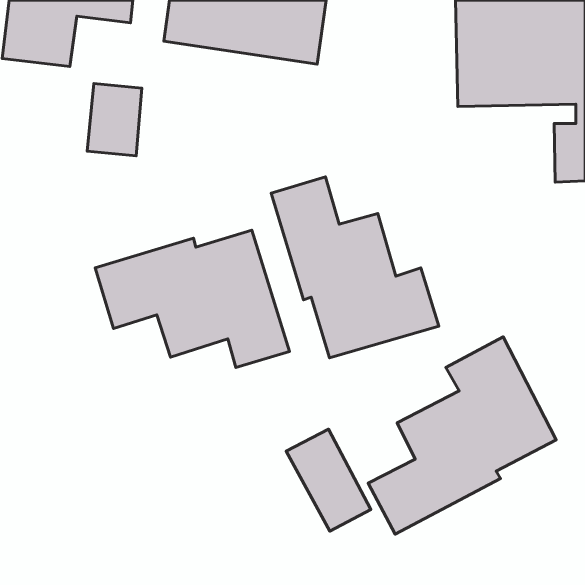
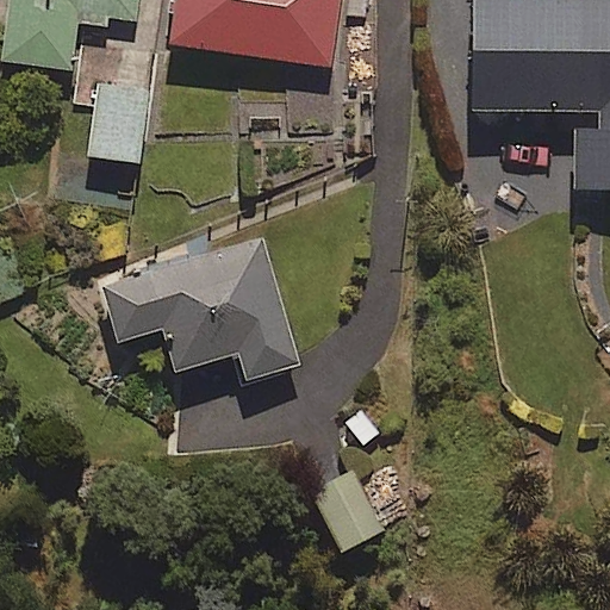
building: [271,177,439,358] -> none
building: [368,337,556,534] -> none

